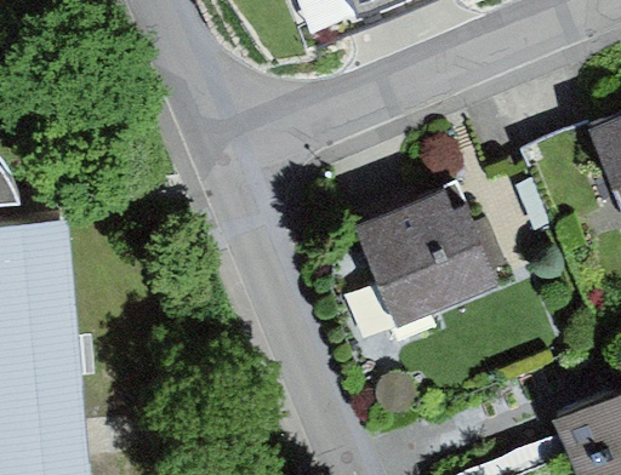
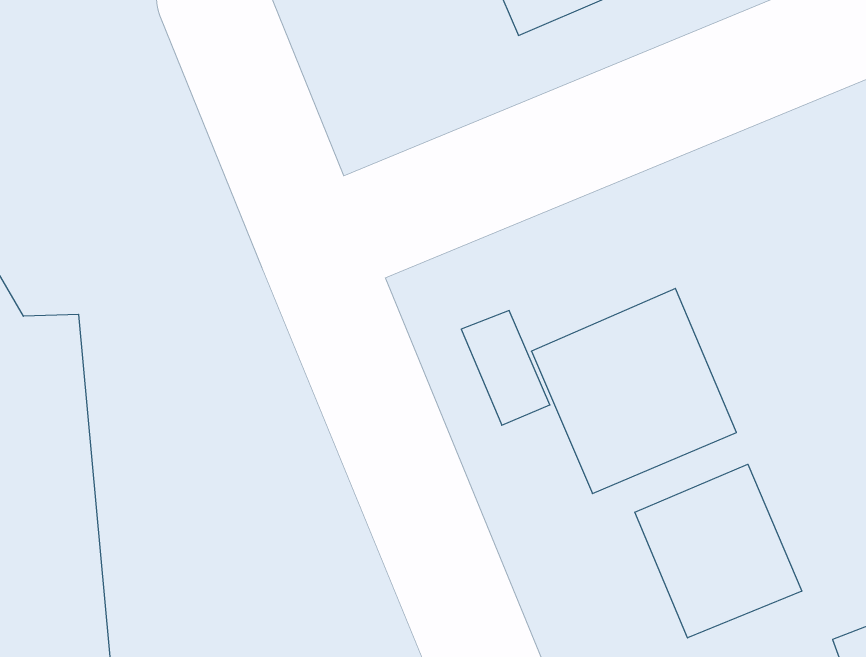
building: none -> [635,464,802,638]

